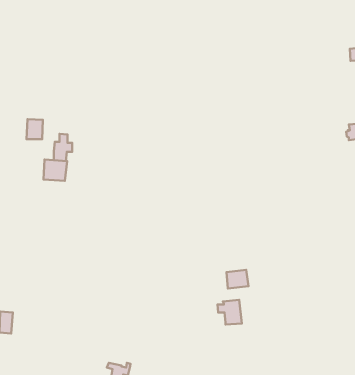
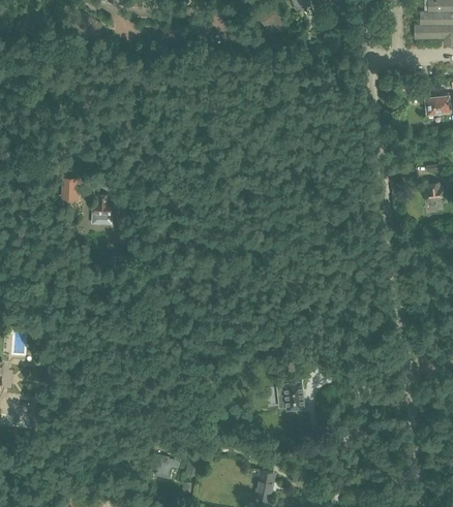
building: [43,160,67,181] -> none
building: [227,270,248,289] -> none

